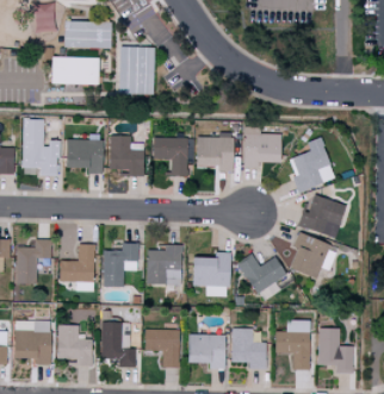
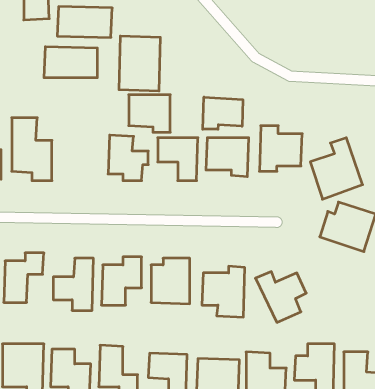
building: none -> [203,97,243,129]
building: [66,139,103,173] -> [129,95,170,132]
building: [290,232,337,279] -> none

